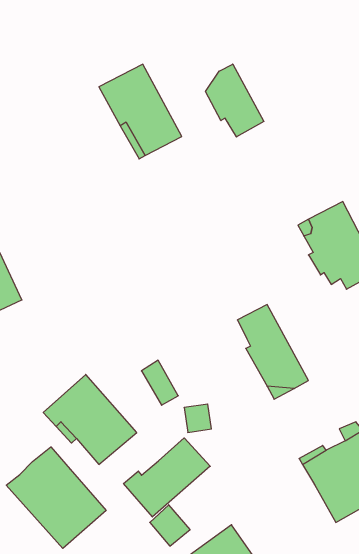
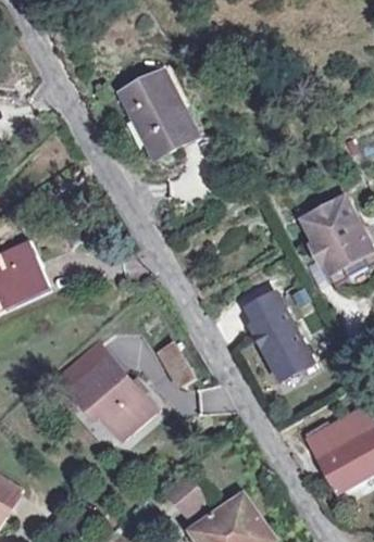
building: [206,64,264,137] -> none
building: [124,438,210,517] -> none
building: [6,447,106,548] -> none

